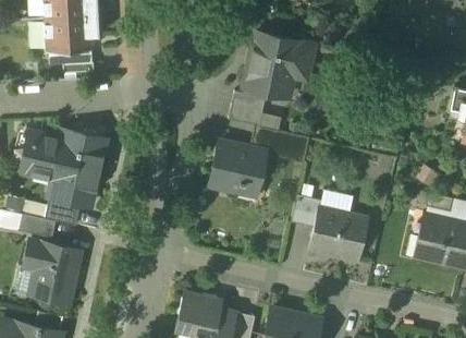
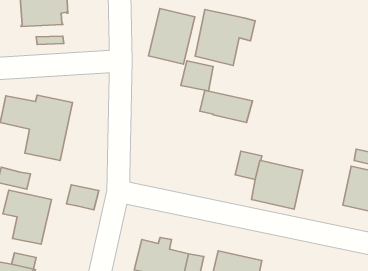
building: none -> [149,8,195,64]
building: [210,142,266,192] -> none
building: [45,197,82,226] -> [66,185,99,210]

